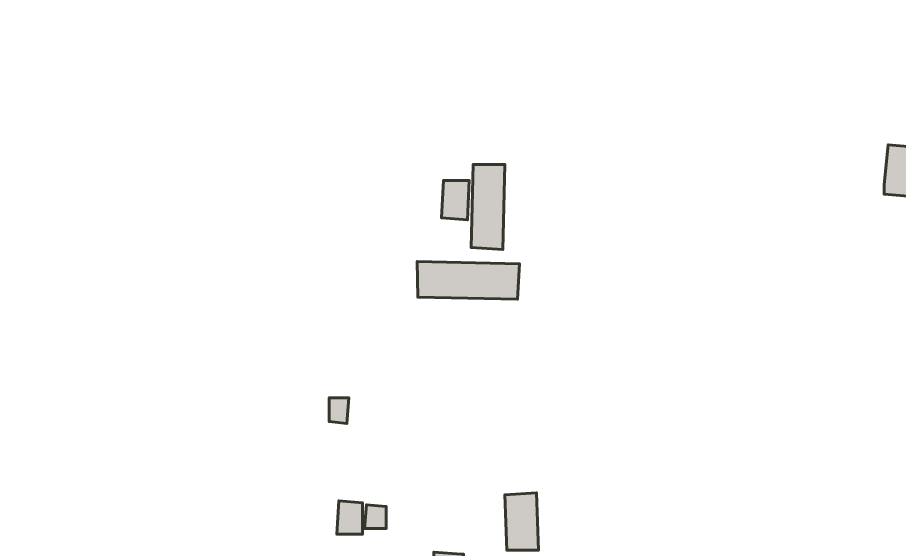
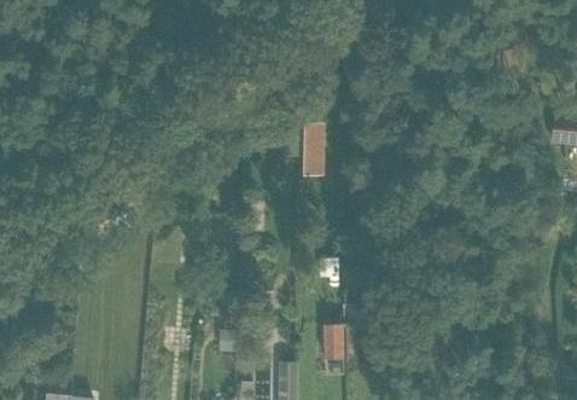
building: [417,262,519,299] -> none

